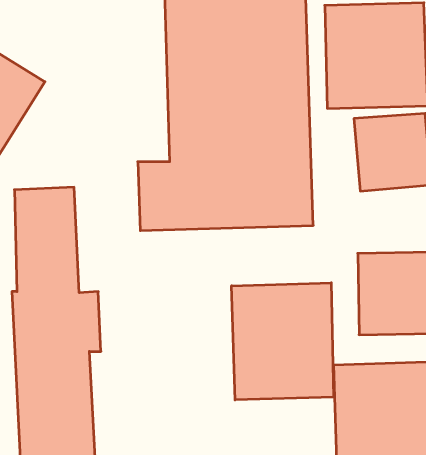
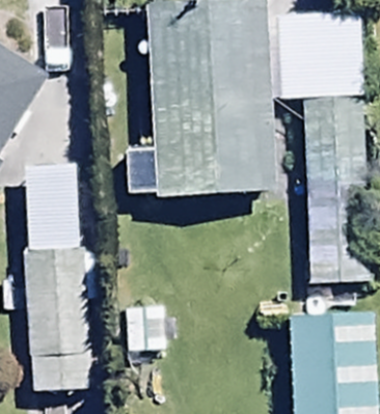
building: [232,283,333,400] -> none

